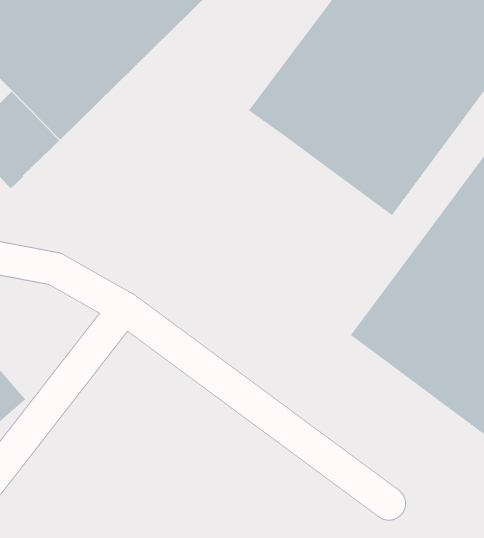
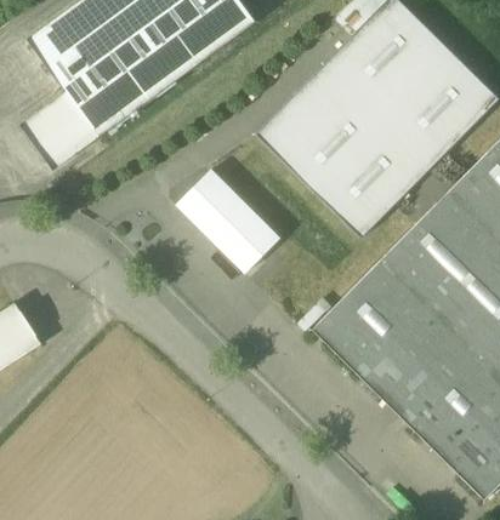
building: none -> [175,167,282,273]

